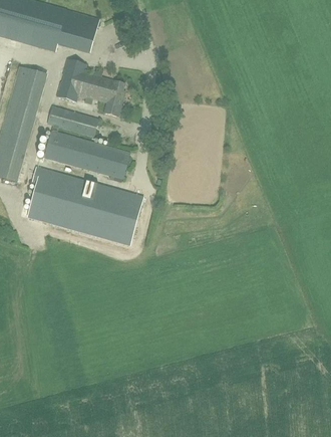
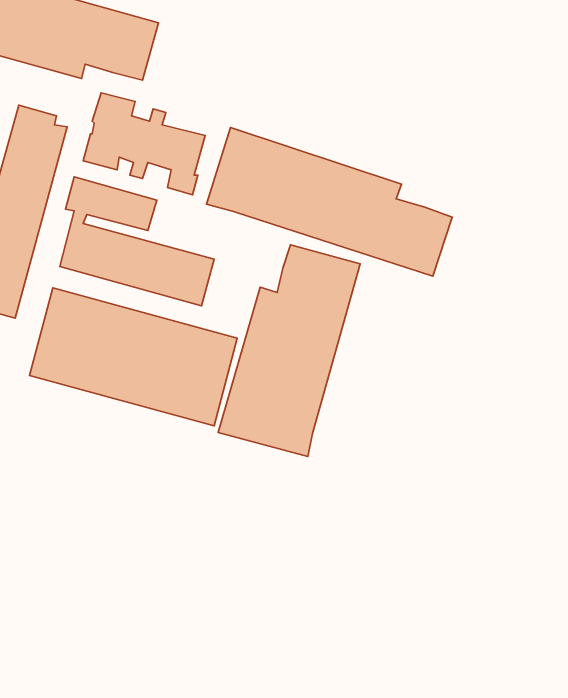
building: none -> [206,128,452,276]
building: none -> [218,245,360,457]

